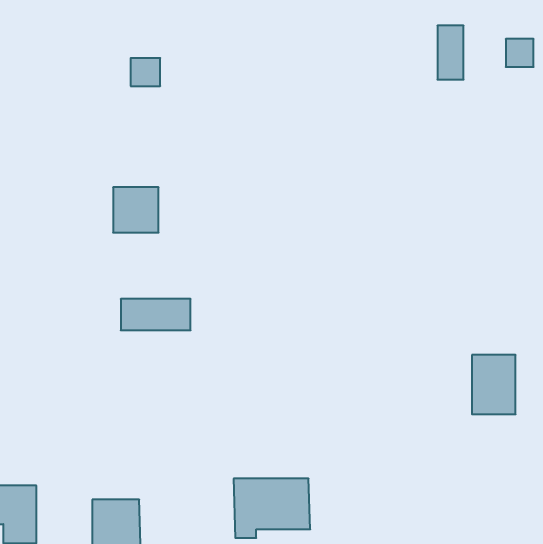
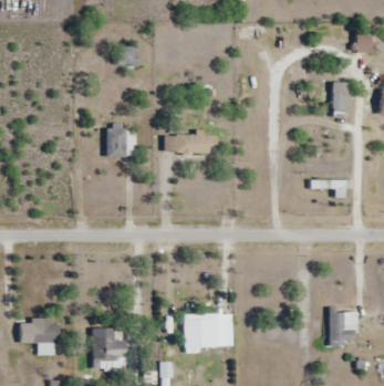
building: [437,26,464,80] -> [331,83,347,117]
building: [121,299,191,330] -> [164,135,208,155]
building: [472,355,516,414] -> [329,309,356,346]

